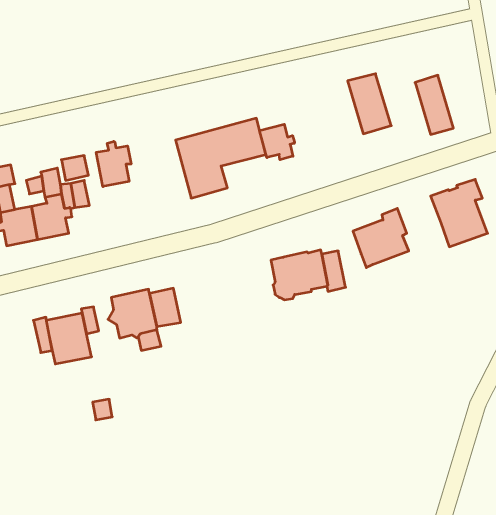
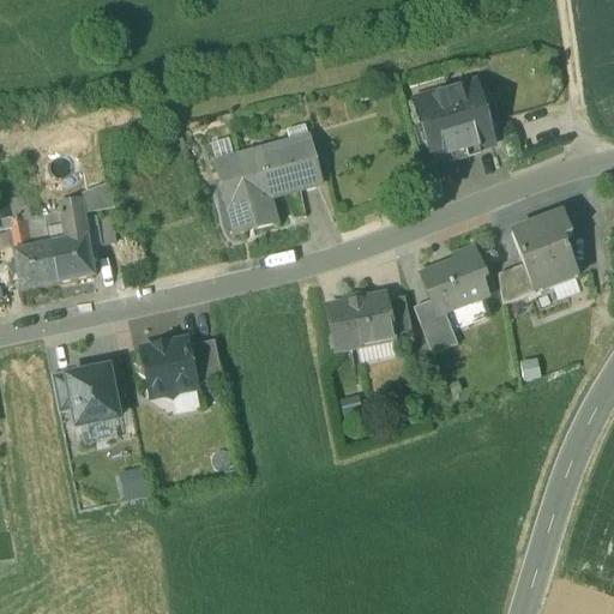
building: [415,75,453,134] -> [449,79,493,148]
building: [260,124,295,160] -> none
building: [96,141,131,187] -> none
building: none -> [499,260,534,300]
building: none -> [414,296,458,350]

